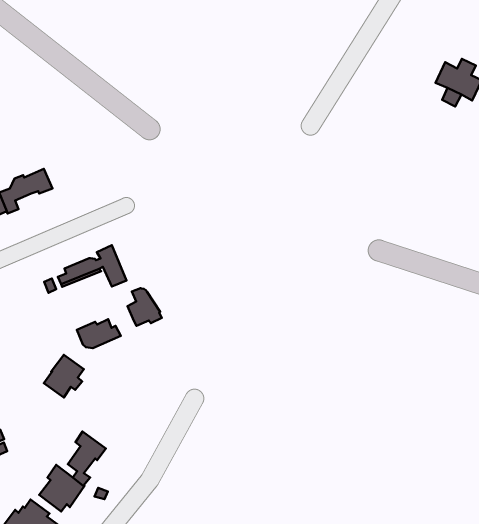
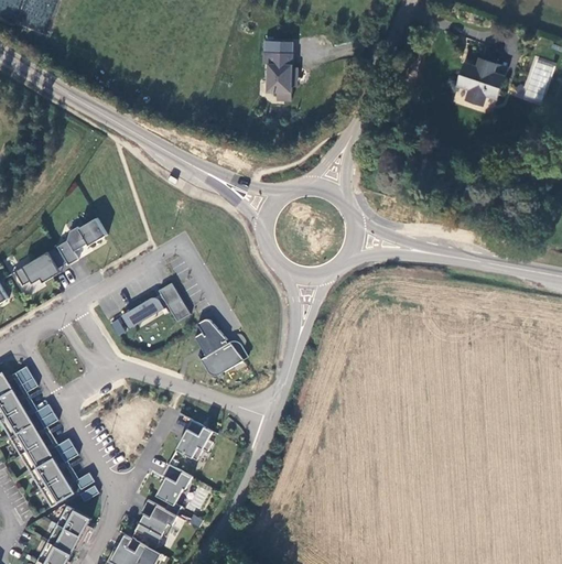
building: none -> [263,42,298,100]
building: [77,319,121,348] -> [201,345,244,375]
building: [44,355,84,397] -> [176,420,213,460]

